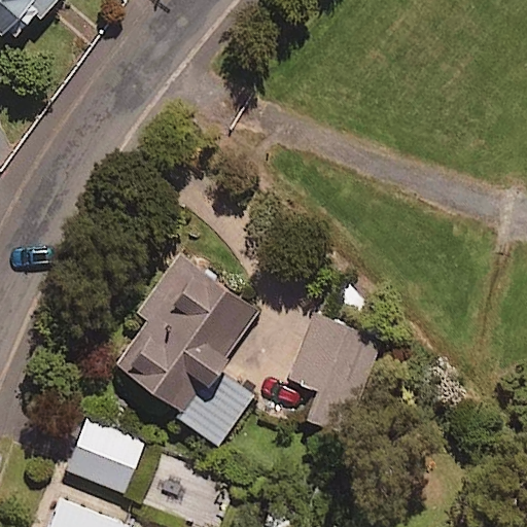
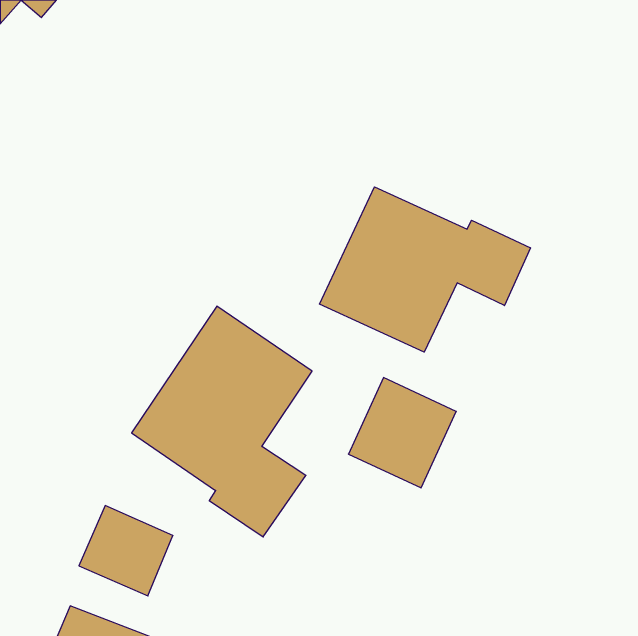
building: none -> [320,187,530,352]

